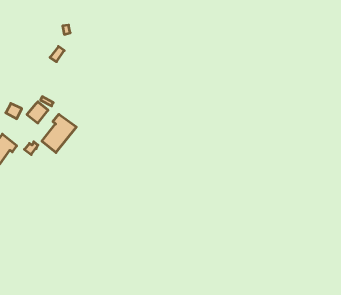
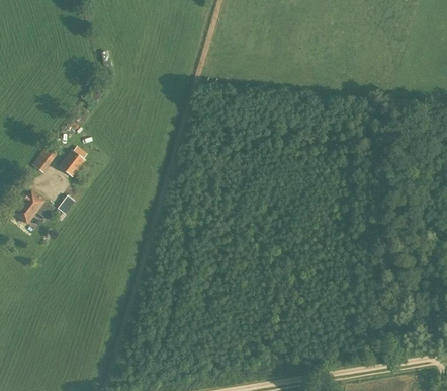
building: [42,114,76,153] -> none

